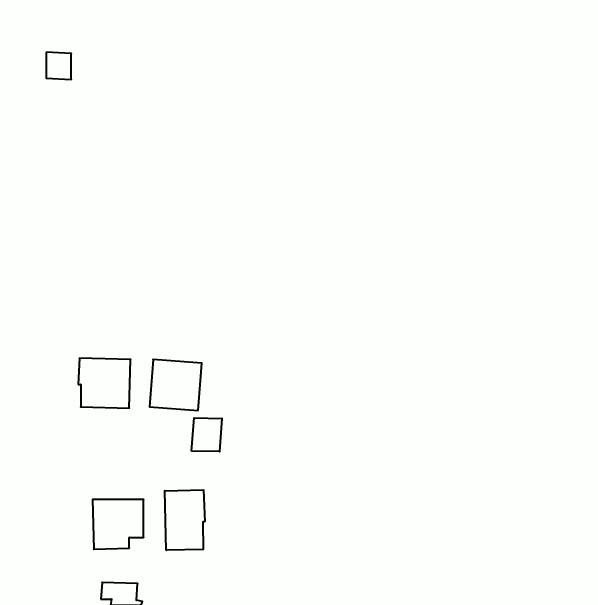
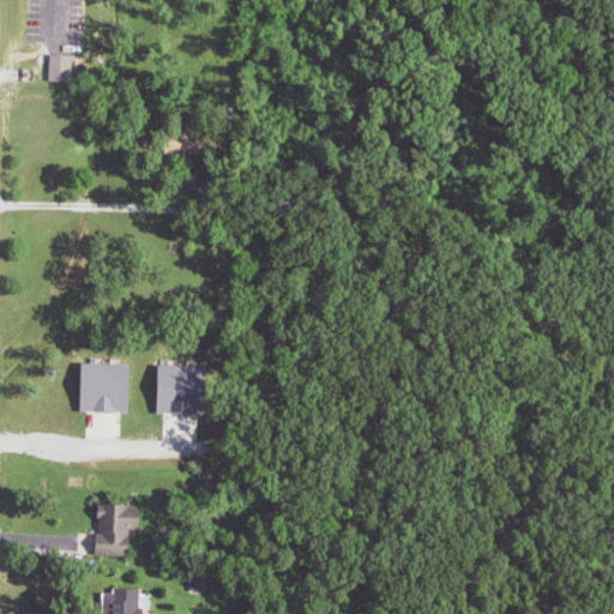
building: [192,418,222,452] -> none
building: [165,490,205,550] -> none

